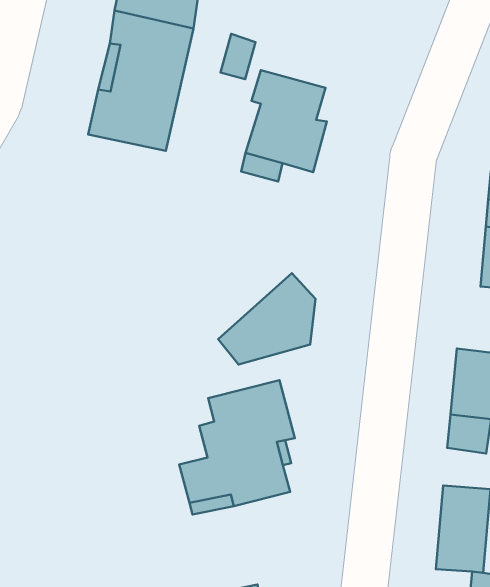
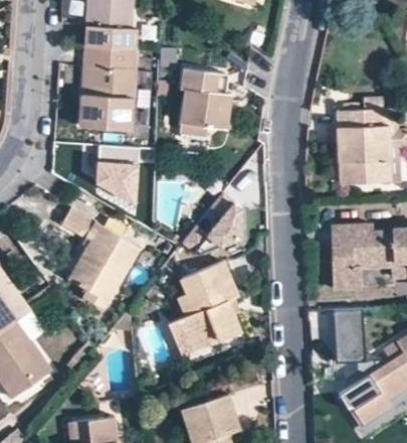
building: none -> [97,144,140,203]
building: none -> [62,206,141,309]

